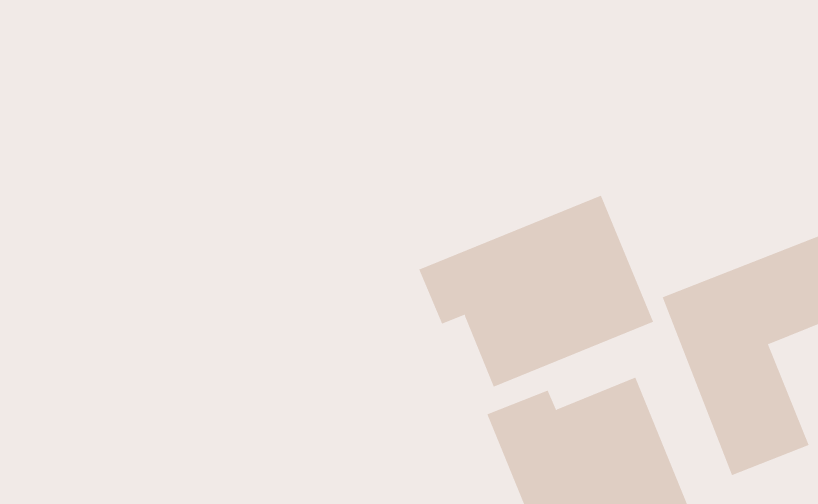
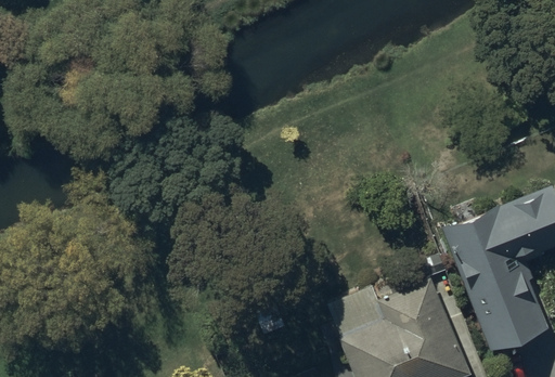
building: [418,195,654,388] -> none

